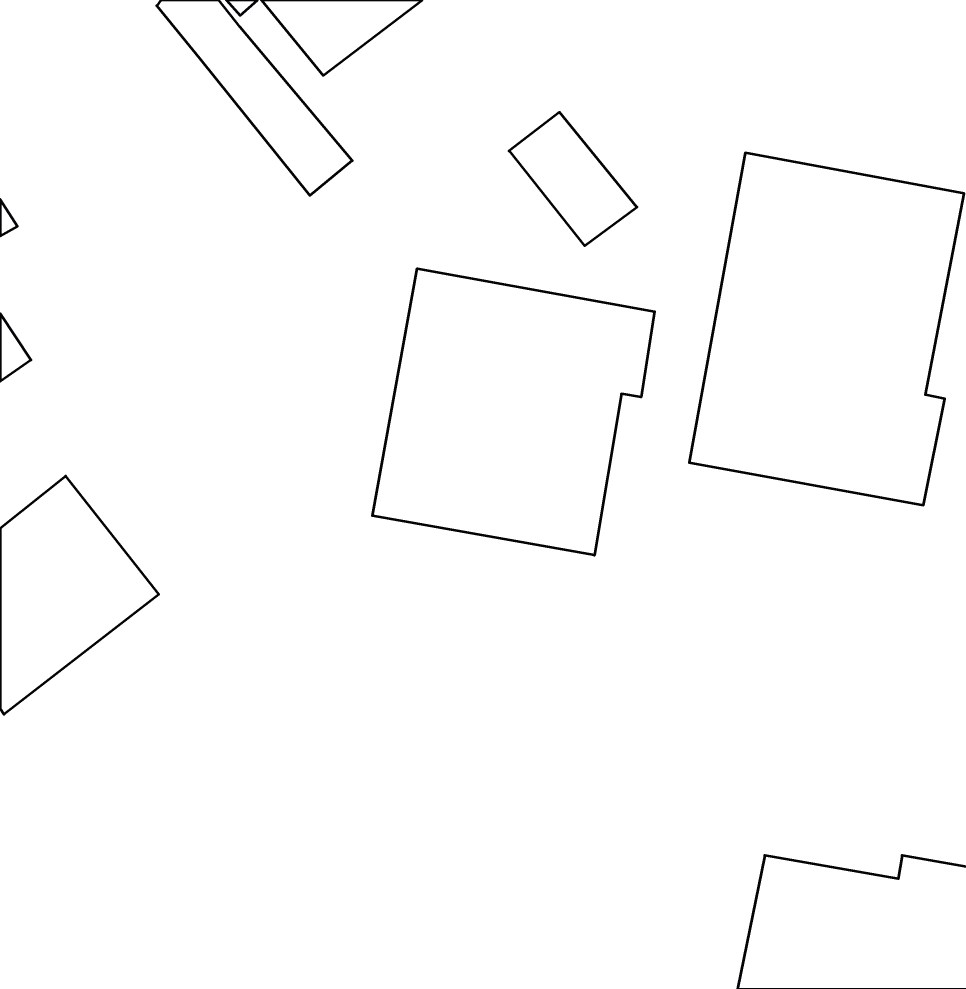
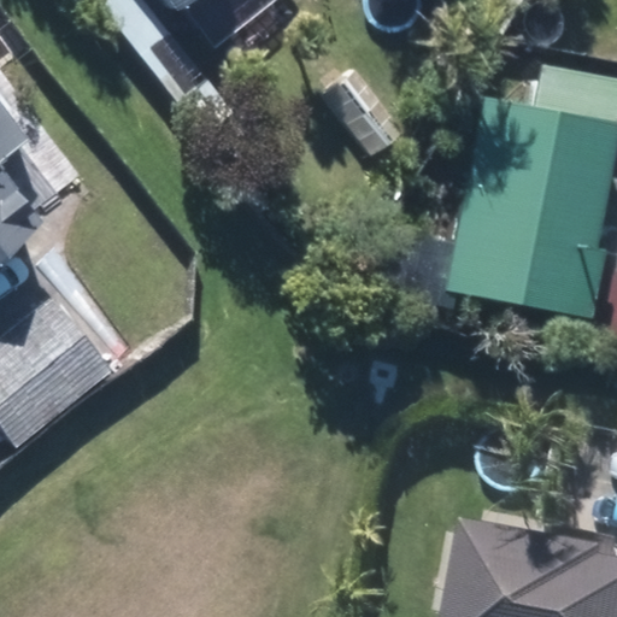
building: [372,269,655,555] -> none

